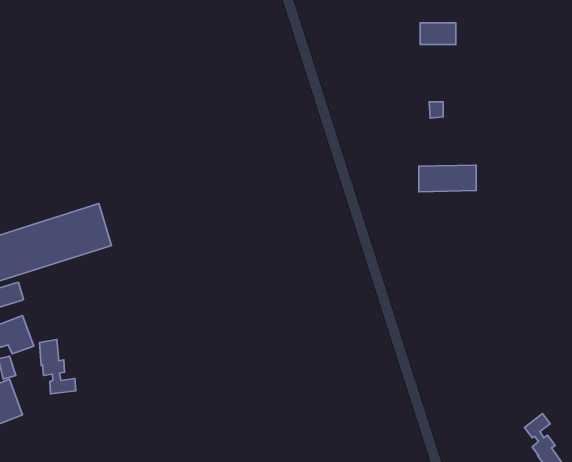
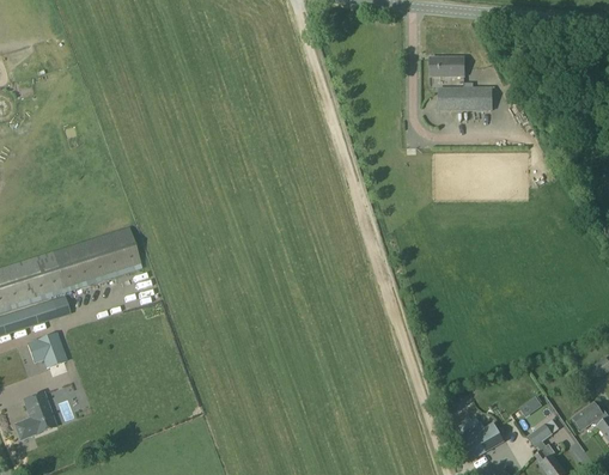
building: [419,165,476,192] -> [437,86,491,111]
building: [40,340,76,394] -> none
building: none -> [458,422,500,458]

